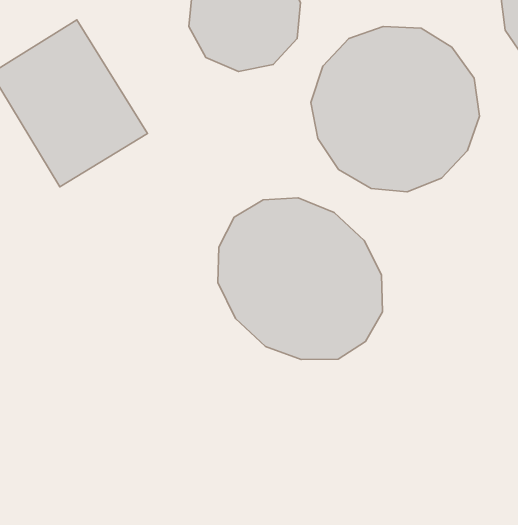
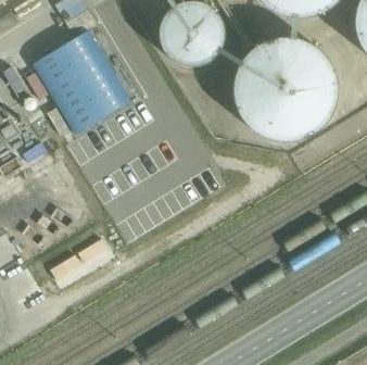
building: [218,198,382,359] -> none

